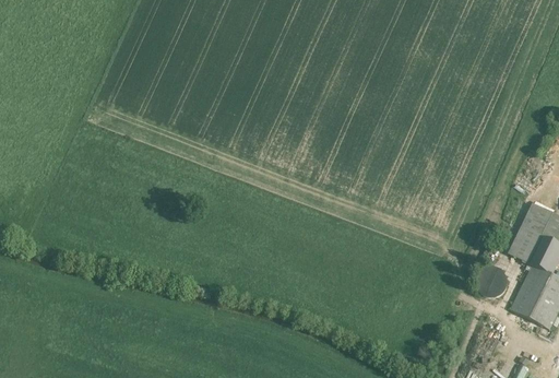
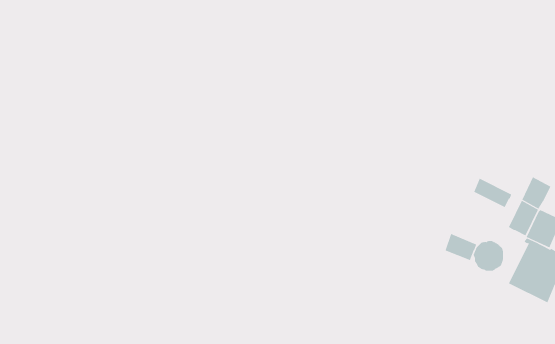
building: none -> [474,178,512,208]
building: none -> [445,233,477,261]

